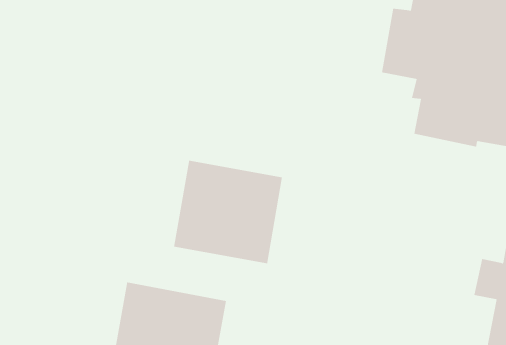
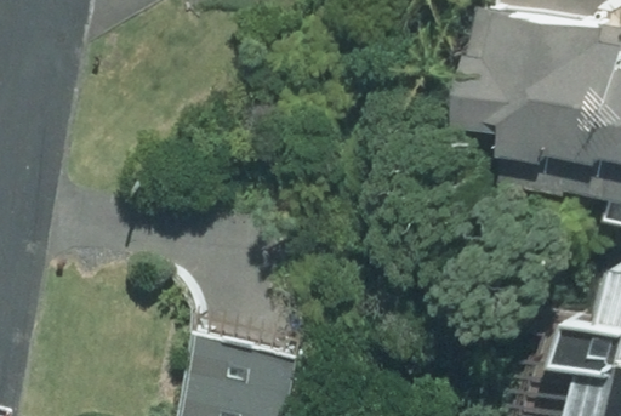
building: [174,160,282,264] -> none

